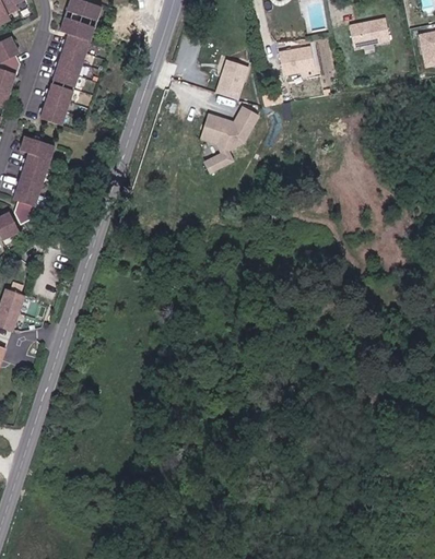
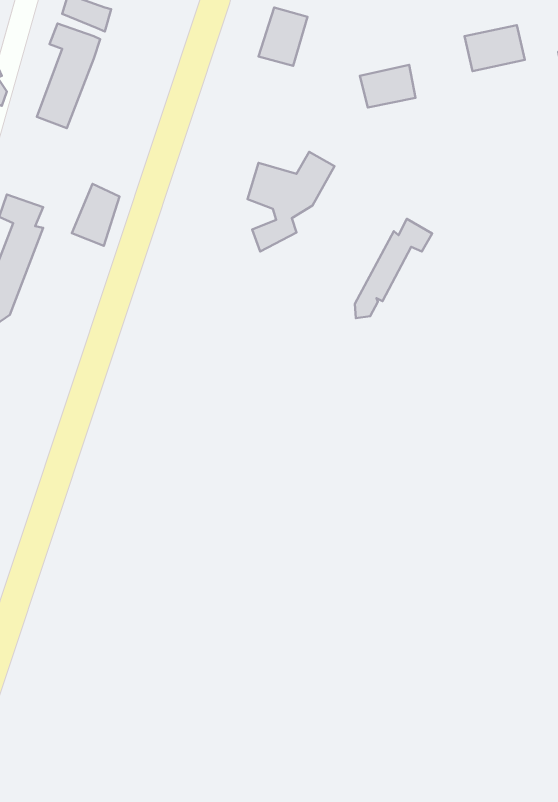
building: [212,59,246,99] -> [258,7,307,66]
building: [35,85,68,128] -> [72,184,120,246]
building: none -> [355,219,432,318]

